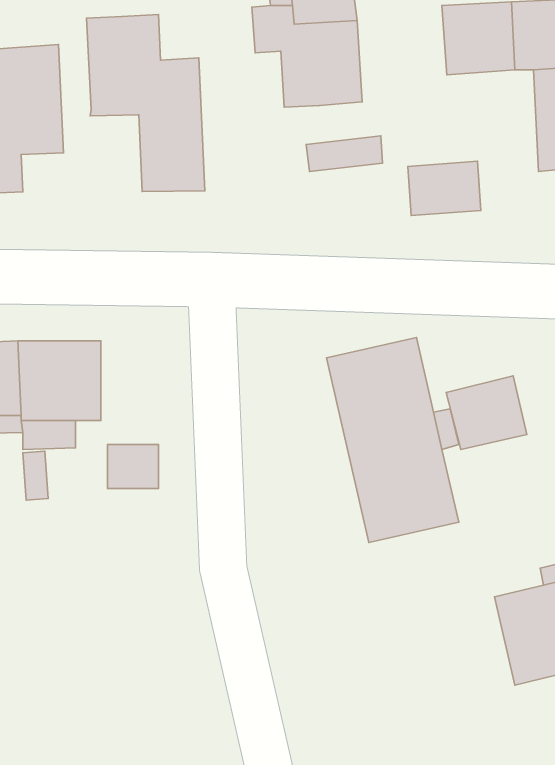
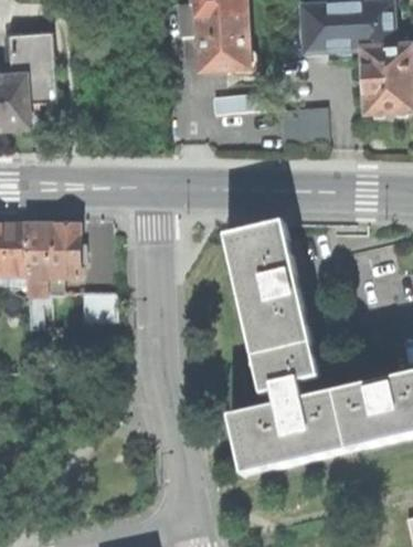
building: [87,14,205,192] -> none
building: [446,376,527,449] -> none
building: none -> [230,341,348,472]

